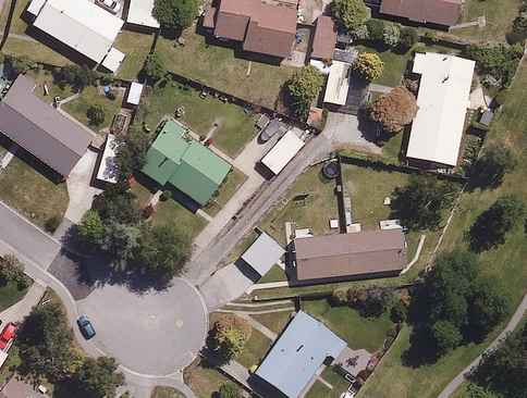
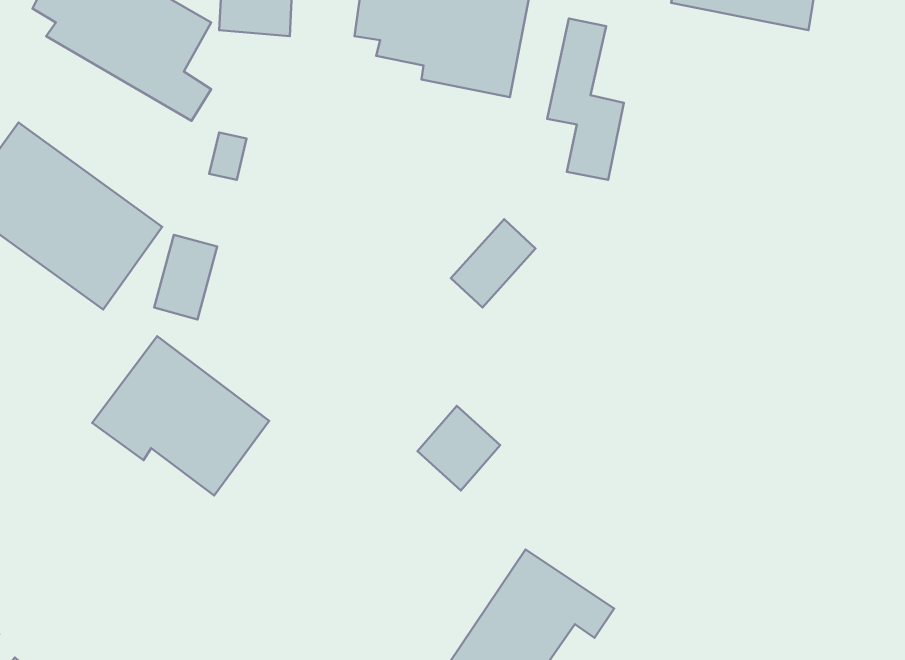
building: [405,49,475,165] -> none
building: [133,119,231,207] -> [92,336,269,495]
building: [292,228,406,279] -> none

